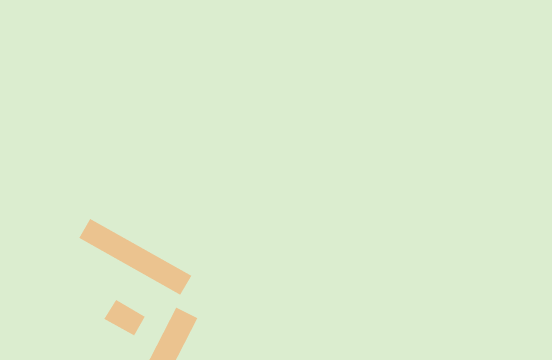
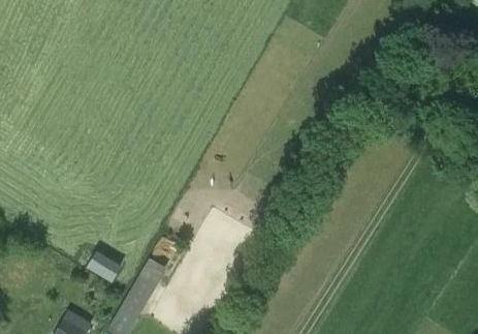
building: [78,218,192,296] -> none

